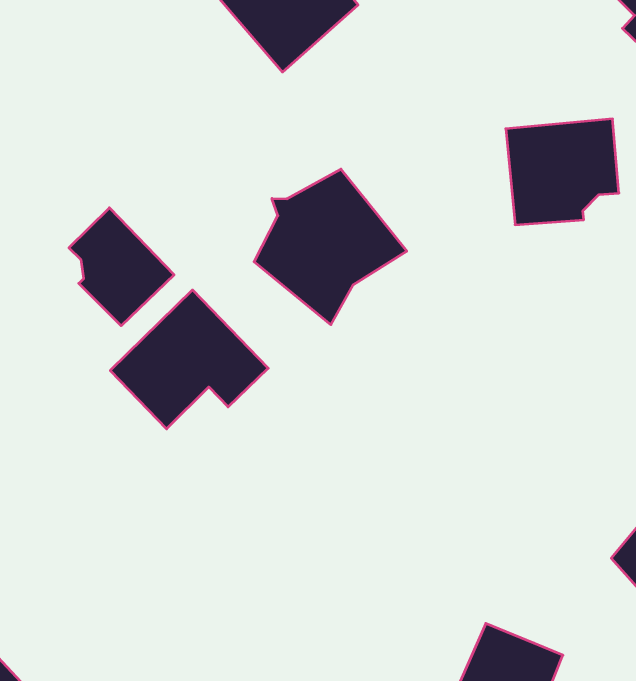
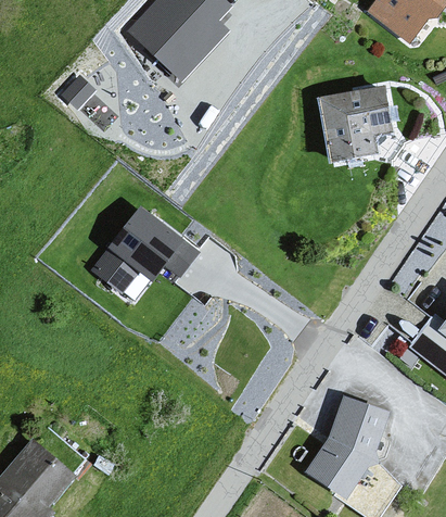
building: [254,169,407,325] -> none
building: [69,208,174,326] -> none

